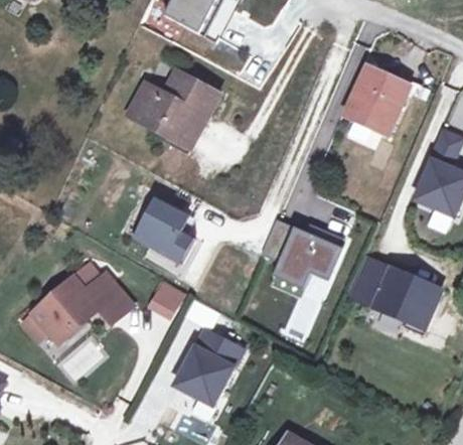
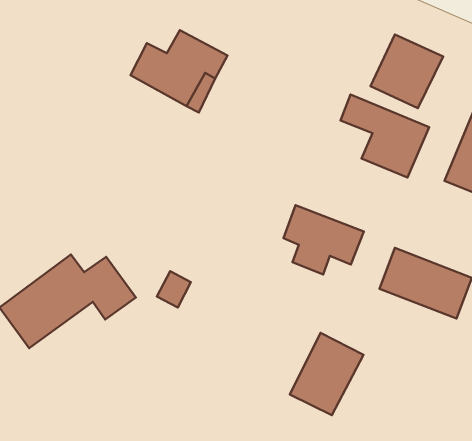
building: none -> [341,95,429,177]
building: [135,200,195,261] -> none
building: [176,330,244,406] -> [290,333,364,415]

